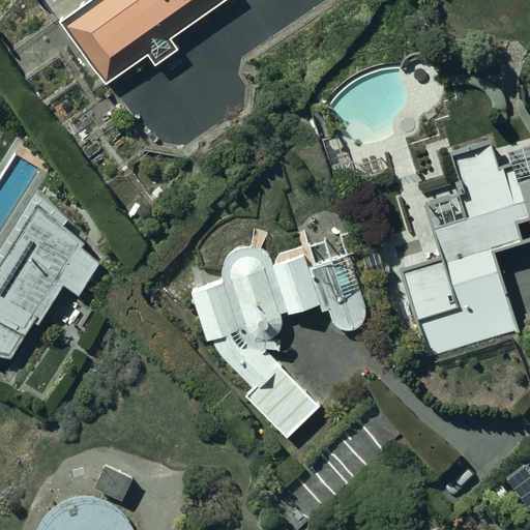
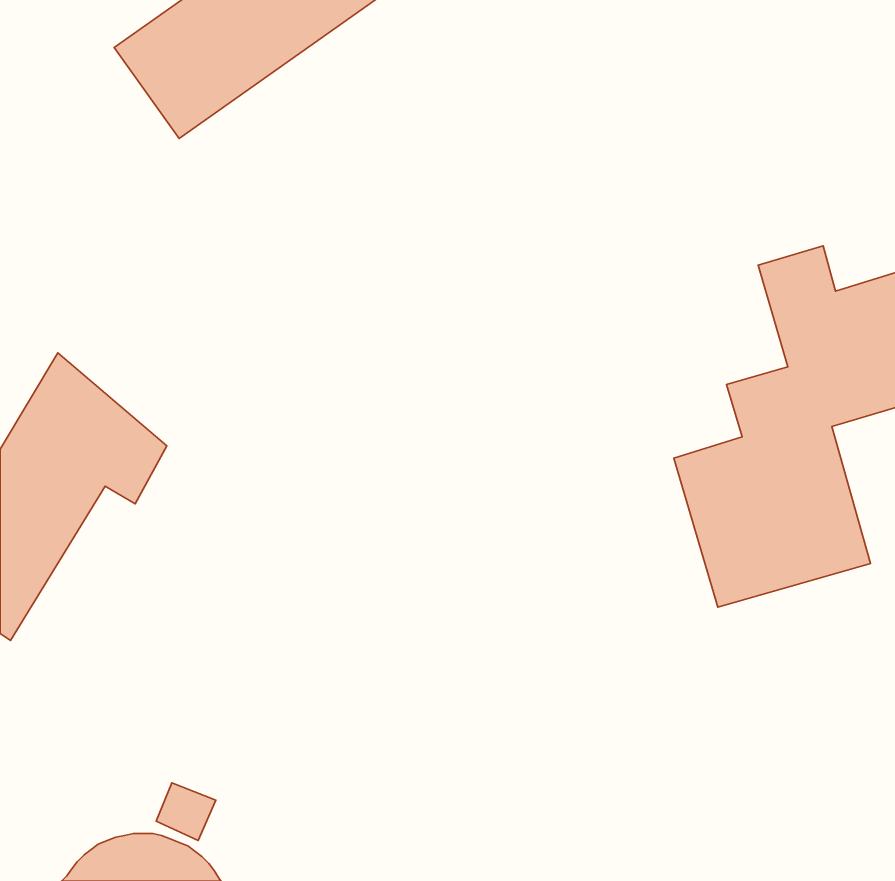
building: [189,247,366,437] -> none

